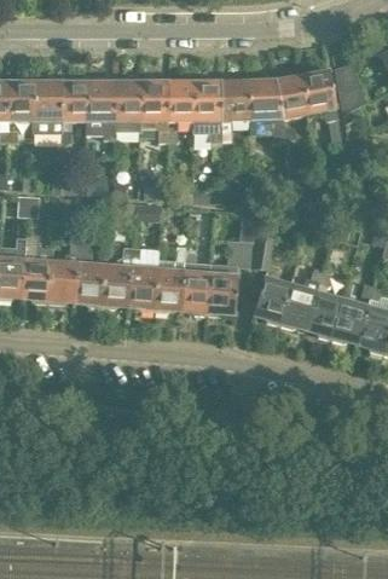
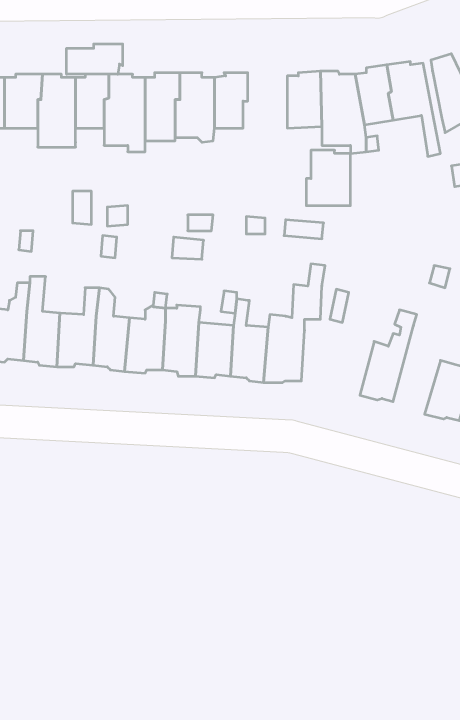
building: none -> [67,44,123,74]
building: [191,79,225,121] -> [306,150,350,206]
building: [306,272,342,340] -> none
building: [255,277,291,325] -> none

